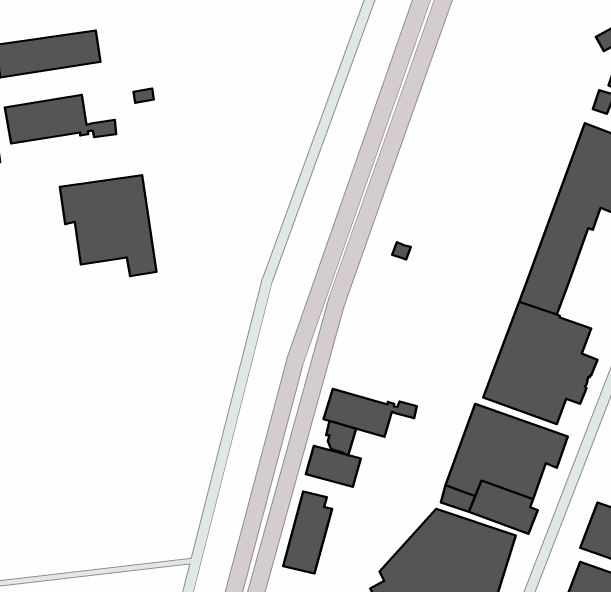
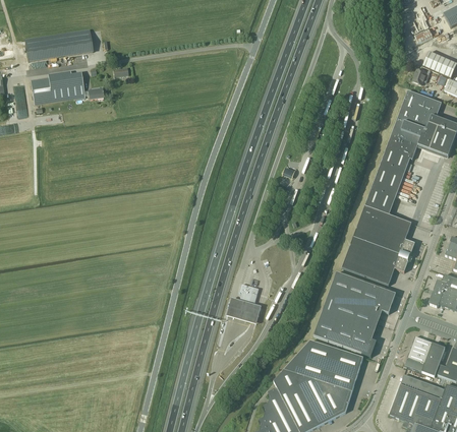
building: [60,175,157,276] -> none
building: [324,389,417,437] -> none
building: [283,492,332,574] -> none

